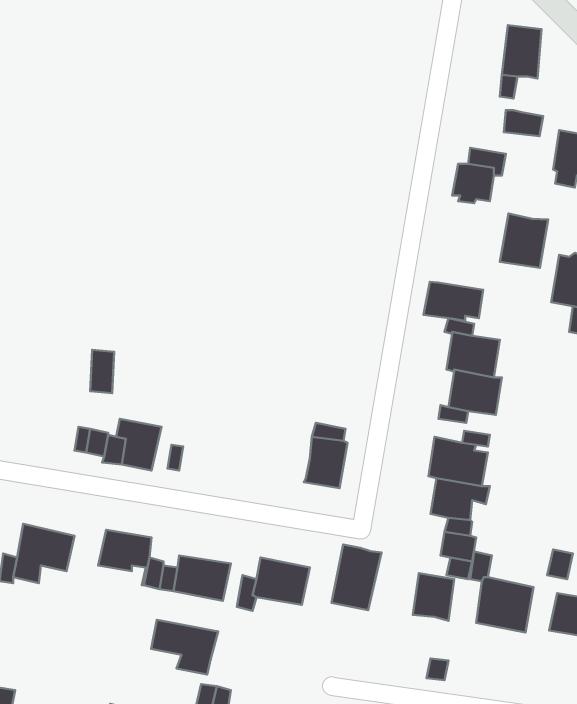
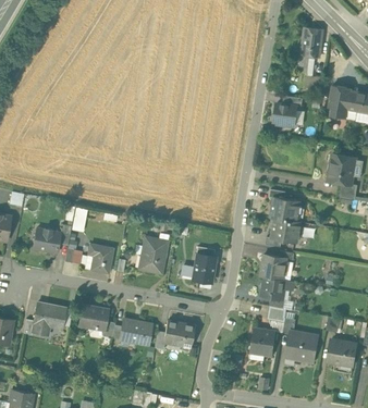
building: [500,213,548,268] -> none
building: [423,282,483,321] -> none
building: none -> [33,228,60,254]
building: none -> [138,237,168,274]
building: [332,545,382,610] -> none
building: [151,620,218,675] -> none

